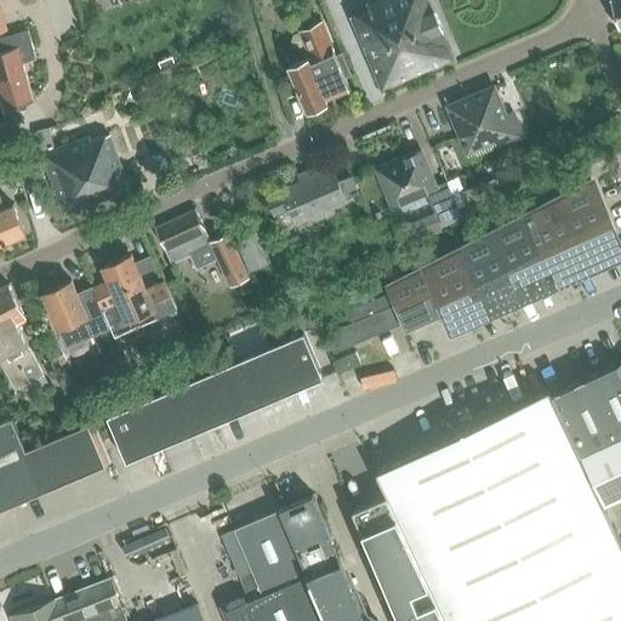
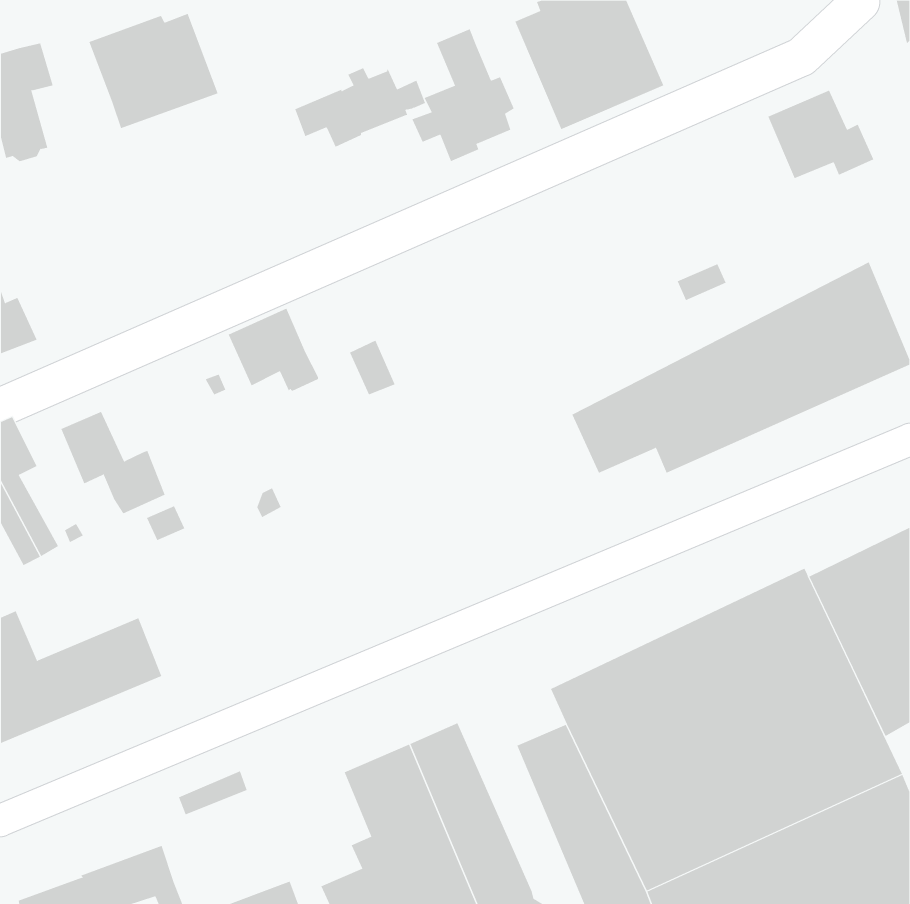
building: [449,92,522,153] -> [767,90,874,179]
building: [41,138,130,217] -> [88,13,218,129]
building: [376,154,458,223] -> none
building: [268,171,358,226] -> [294,67,426,148]
building: [209,234,250,289] -> none
building: [92,257,172,341] -> none
building: [326,295,400,354] -> none
building: [107,335,323,463] -> none

